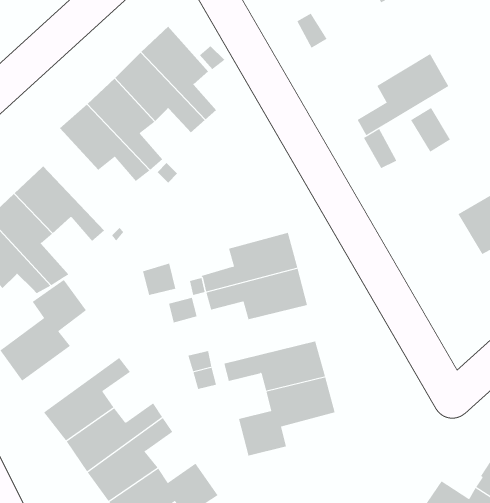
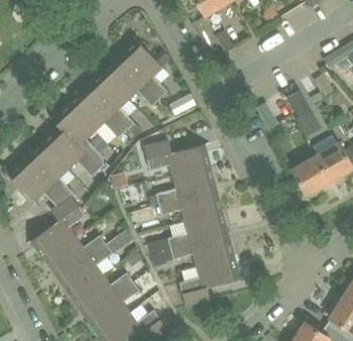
building: [357,53,449,136] -> none
building: none -> [50,103,104,166]
building: none -> [143,141,210,178]
building: none -> [291,156,330,196]
building: none -> [167,213,227,249]
building: none -> [44,236,105,279]

